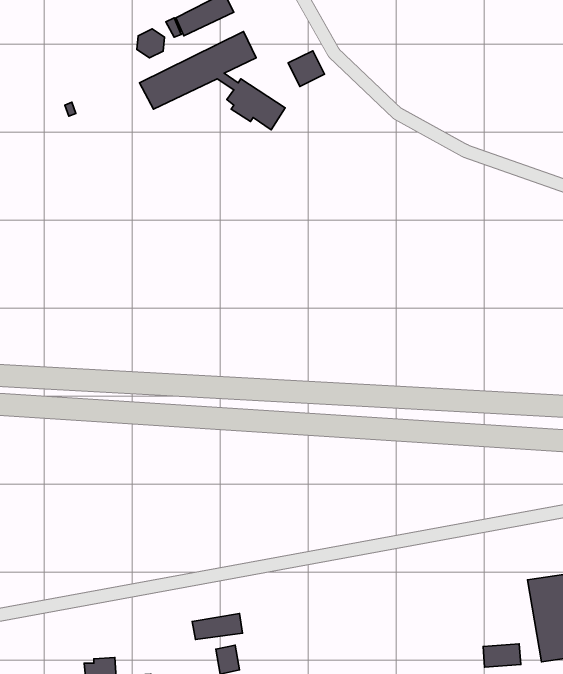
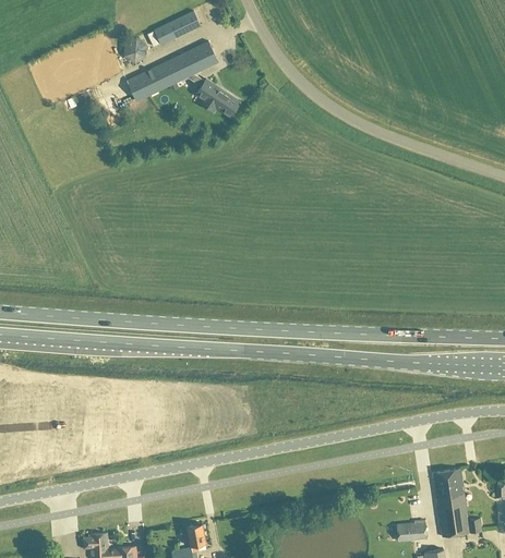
building: [288,51,325,86] -> none
building: [192,614,242,639] -> none

